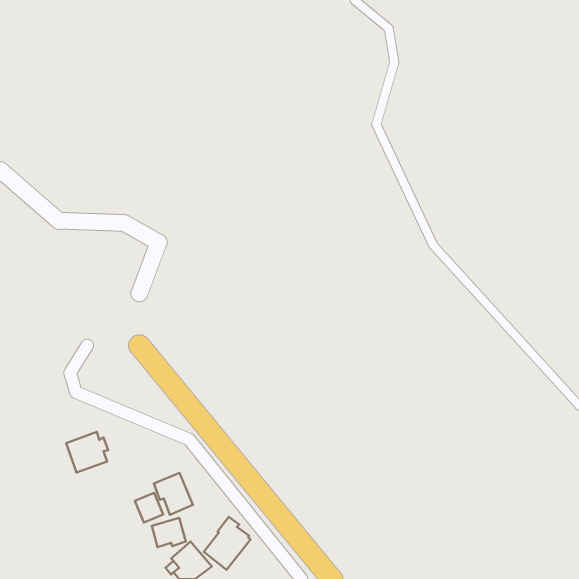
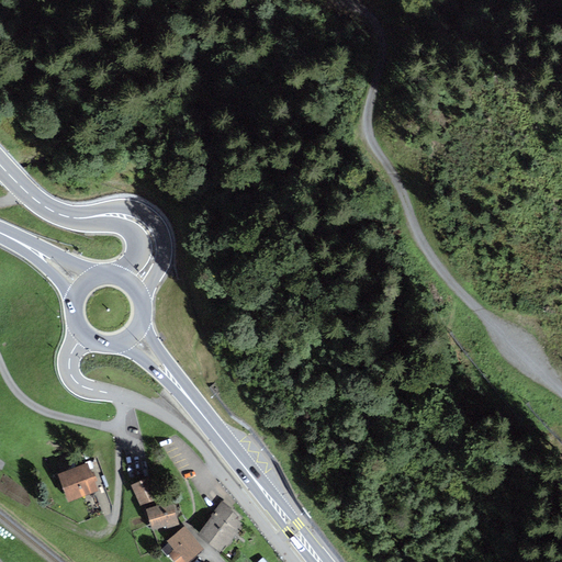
building: [66,432,108,473] -> [58,462,99,502]
building: [154,473,193,515] -> none

